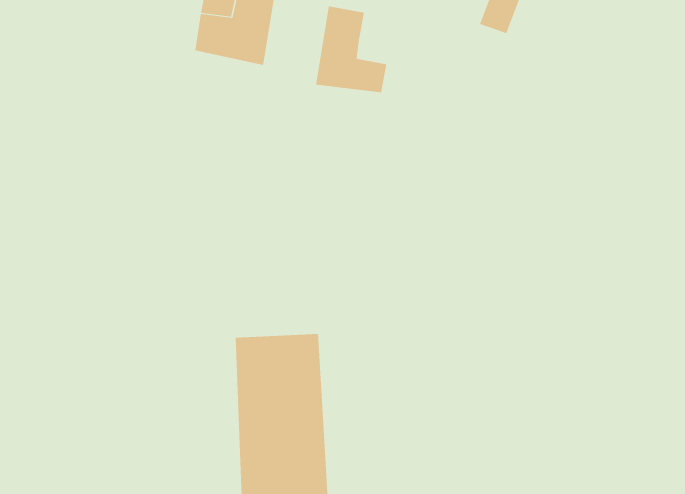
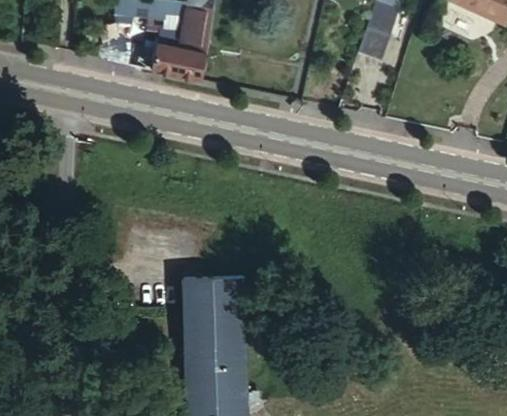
building: [315,6,387,93] -> none

